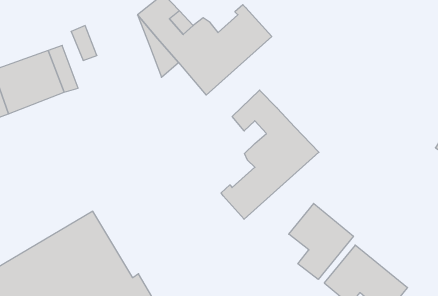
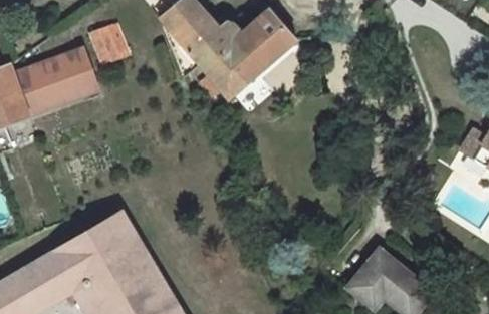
building: [221,90,319,219] -> none
building: [289,203,353,279] -> none

